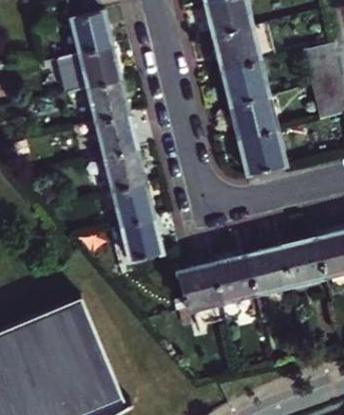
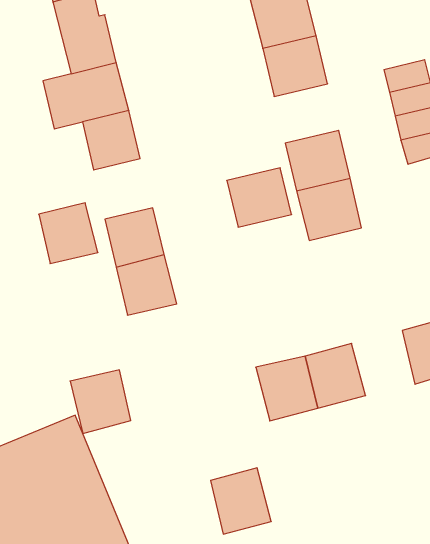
building: [224,62,270,105] -> [227,168,292,227]
building: [95,116,137,159] -> [39,203,98,264]
building: [119,219,162,264] -> [70,370,131,433]
building: [279,238,324,284] -> none
building: [178,264,221,312] -> [211,468,271,534]

